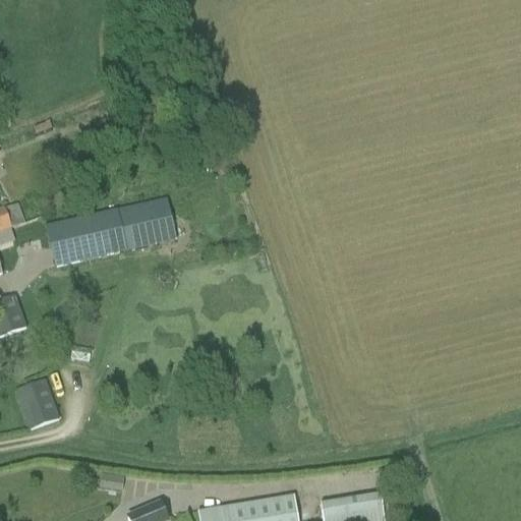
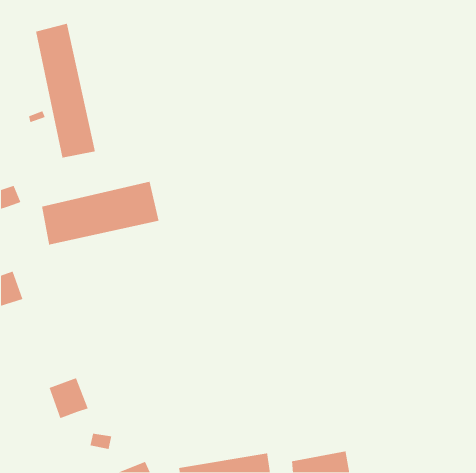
building: none -> [35,23,96,159]
building: [14,380,58,425] -> [49,377,89,419]

